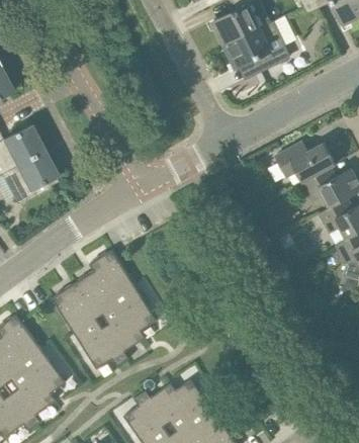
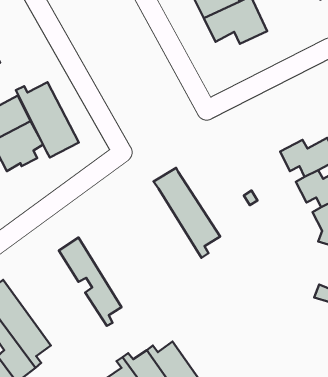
building: none -> [16,82,79,158]
building: [276,141,337,182] -> none
building: [90,250,159,343] -> [154,168,220,258]
building: [53,284,124,369] -> none

